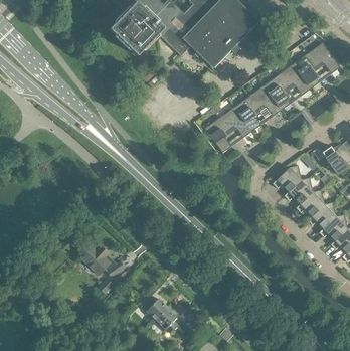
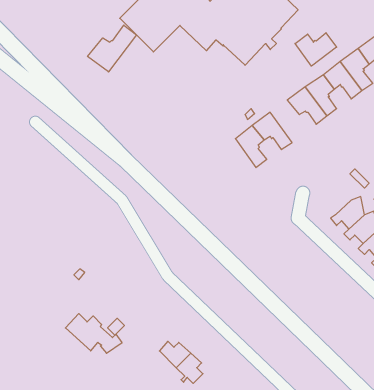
building: none -> [88,25,136,72]
building: none -> [295,33,337,66]
building: [233,97,259,132] -> none
building: [272,166,301,192] -> none
building: [76,243,124,277] -> [65,314,122,353]

